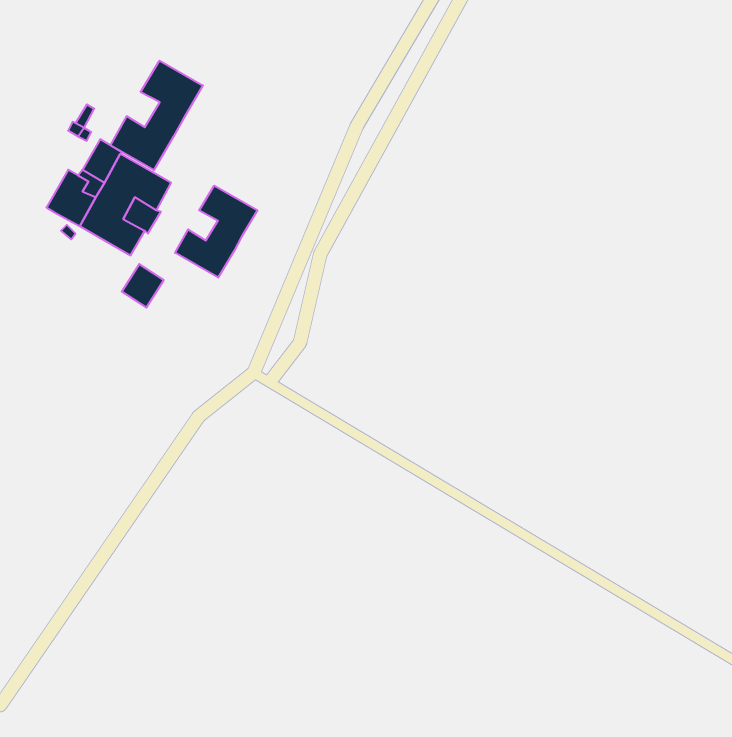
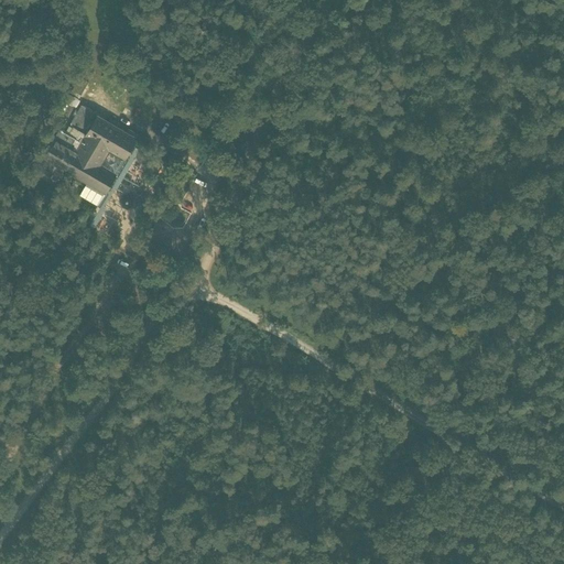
building: [110,61,203,170] -> none
building: [175,186,257,278] -> none

